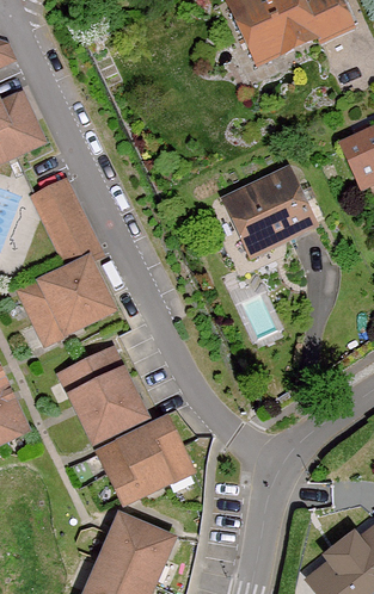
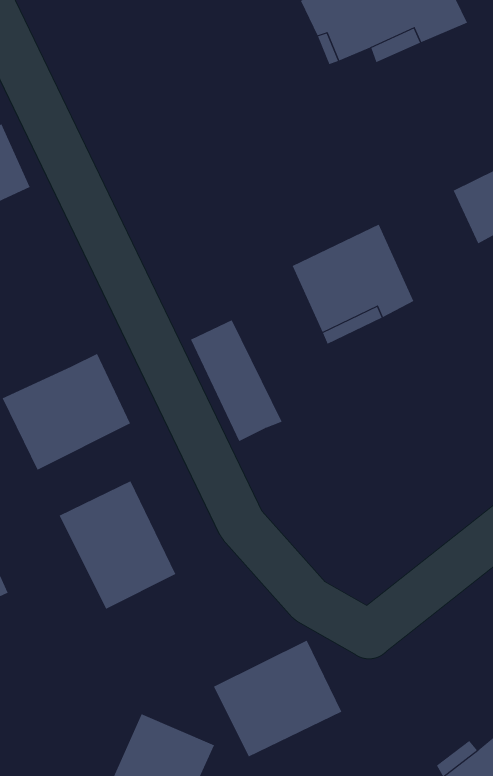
building: [35,180,100,267] -> [190,320,282,442]
building: [99,417,191,501] -> [213,640,342,757]

